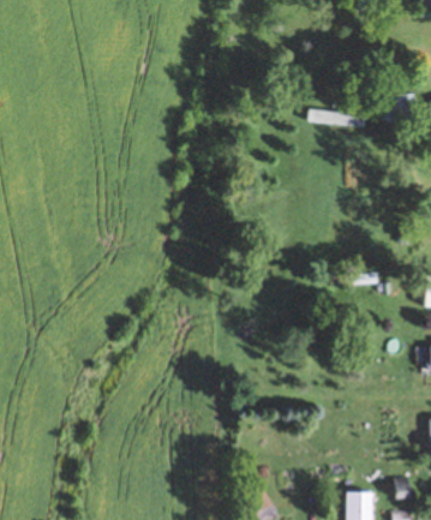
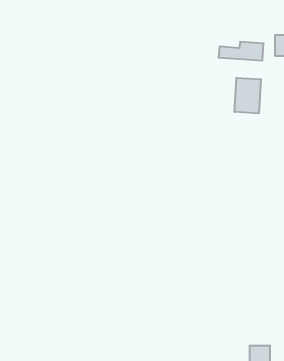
building: none -> [234,78,261,113]

